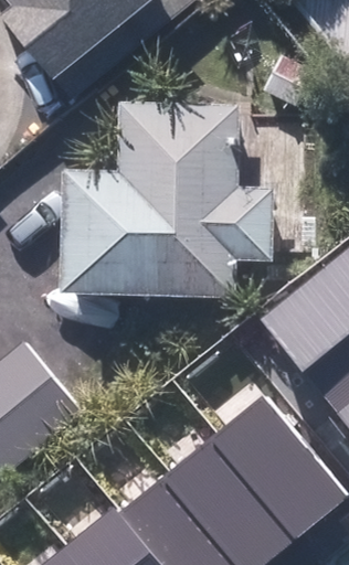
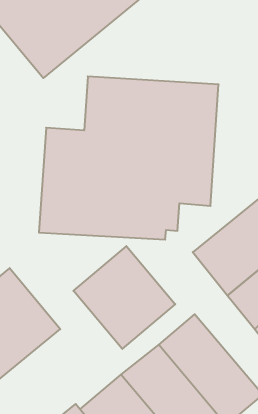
building: none -> [73,246,175,349]

